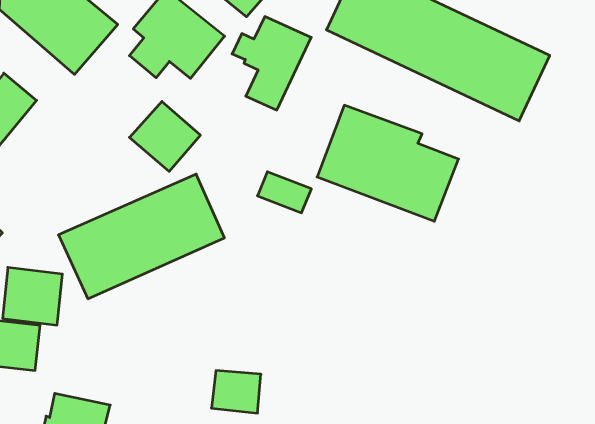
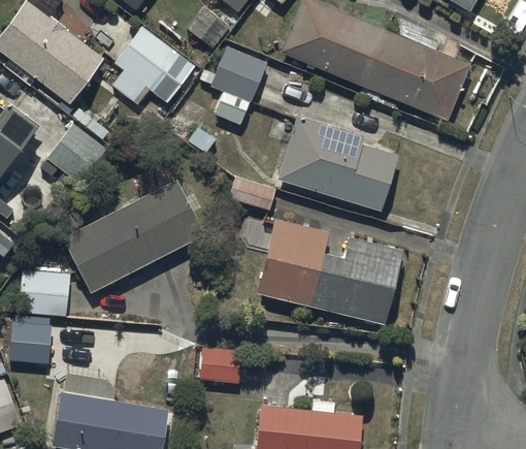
building: [129,101,200,171] -> [50,122,109,181]
building: none -> [258,217,403,321]

